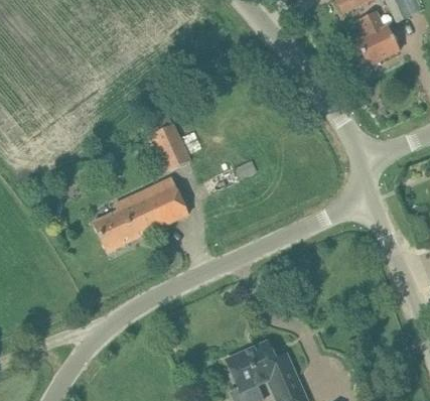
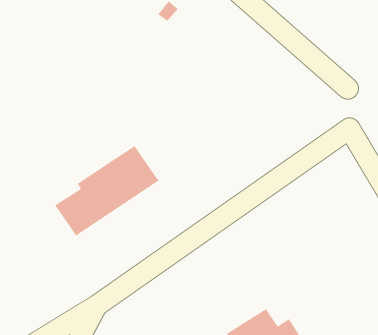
building: [151,123,189,169] -> none

